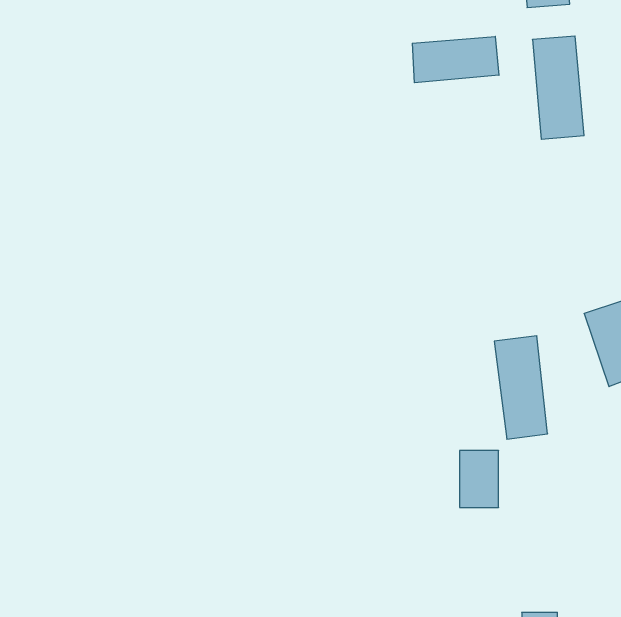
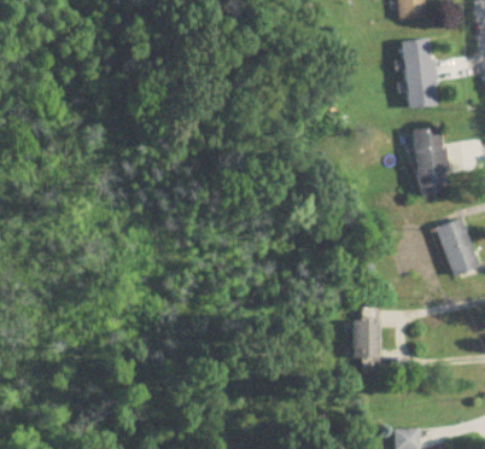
building: [412,36,499,83] -> none
building: [494,336,548,439] -> [413,126,449,196]

